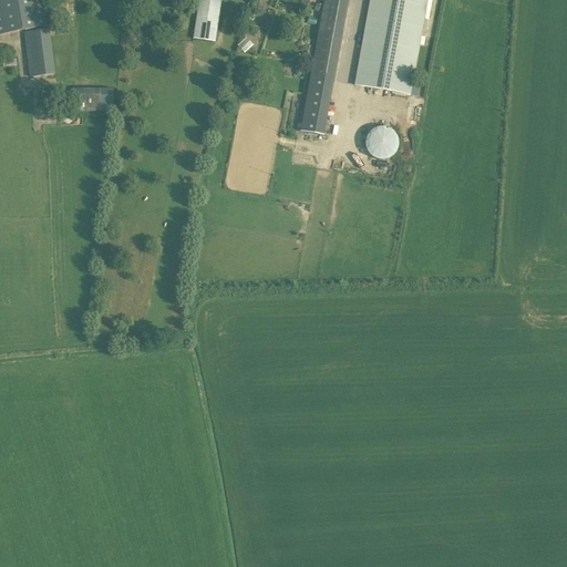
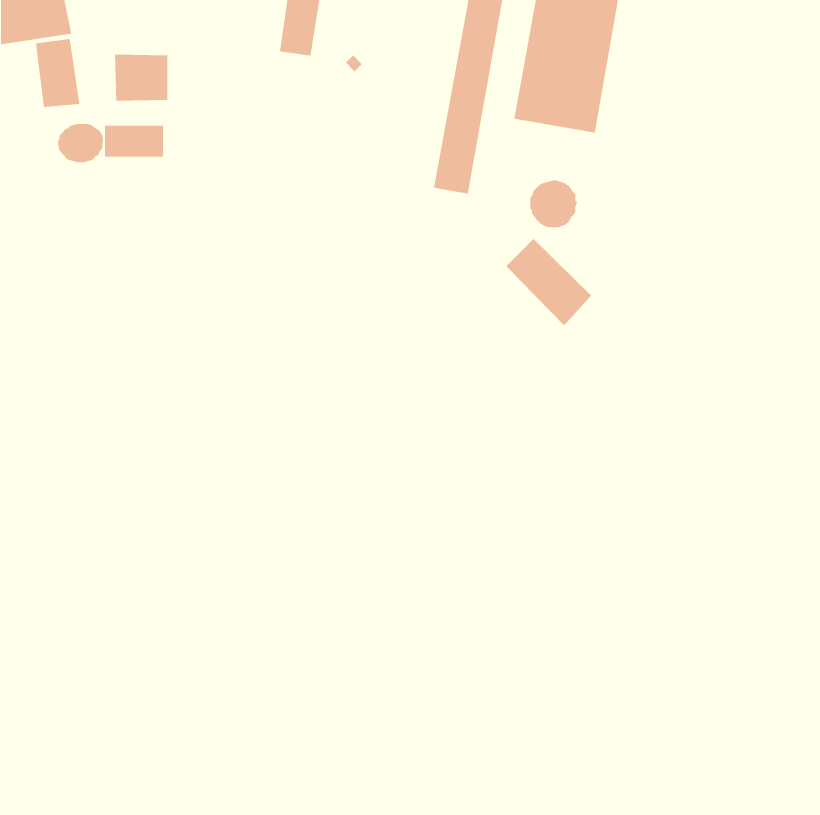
building: none -> [114,54,168,101]
building: none -> [57,123,103,163]
building: none -> [505,238,592,326]

